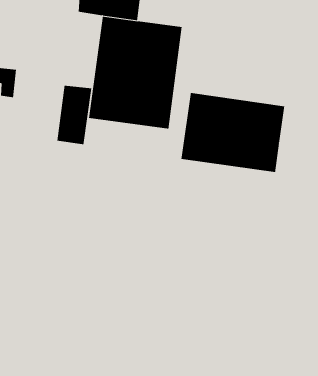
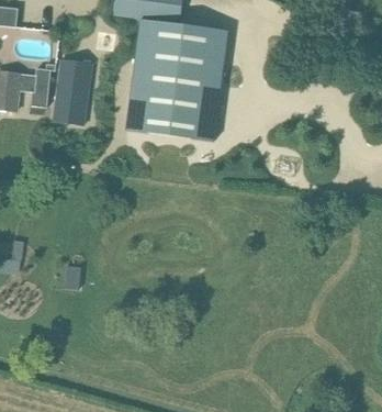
building: [57,85,92,145] -> [53,59,91,124]
building: [181,92,285,173] -> none

